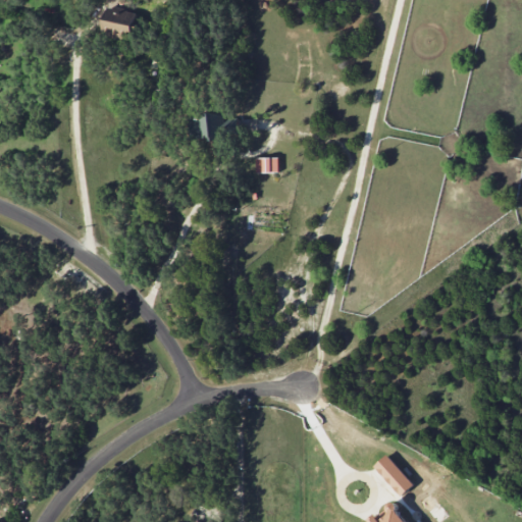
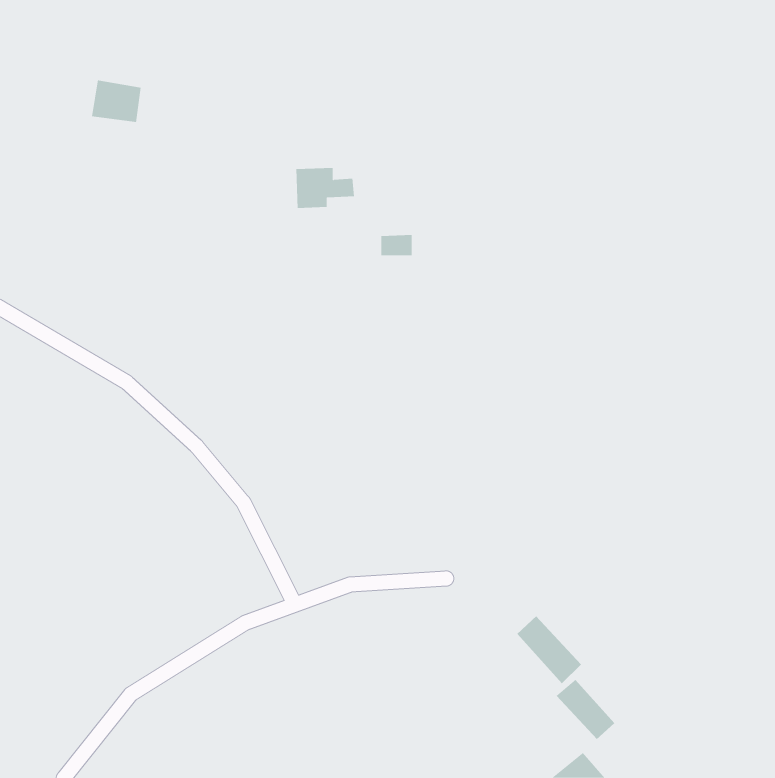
building: [101,8,135,37] -> [91,80,141,123]
building: none -> [516,616,582,684]

